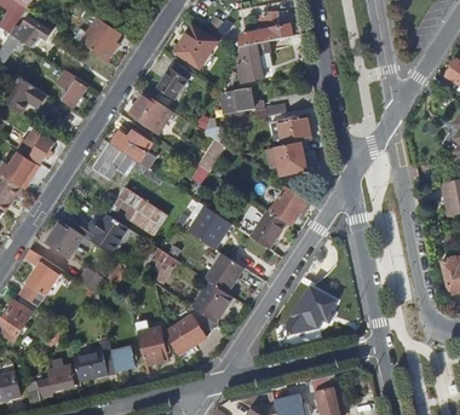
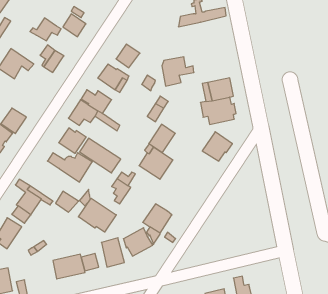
building: [8,16,50,46] -> [30,18,61,41]
building: [174,25,217,68] -> none
building: [237,40,270,81] -> none
building: [19,128,53,162] -> none
building: [251,209,286,247] -> [149,124,175,153]
building: [45,221,81,255] -> [59,128,86,153]
building: [205,252,241,290] -> none
building: none -> [78,198,116,232]
building: [282,283,335,334] -> none
building: [38,365,73,392] -> none

